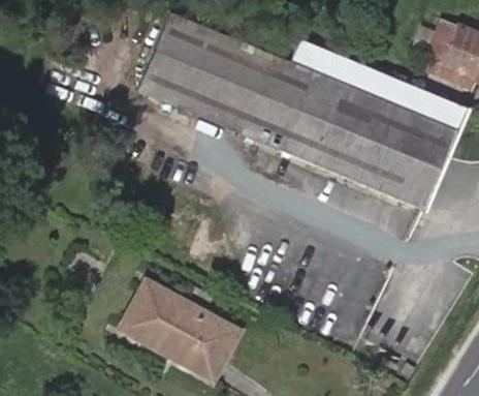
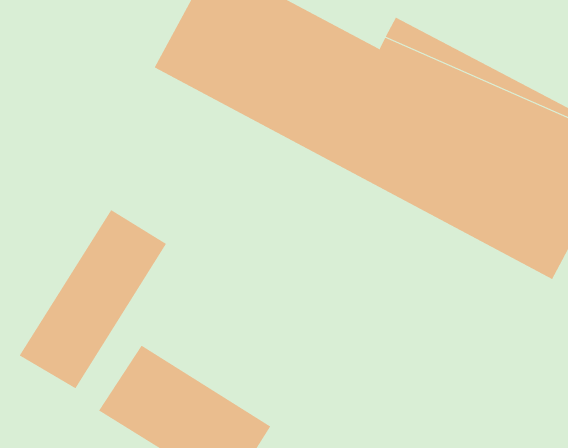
building: none -> [19,209,167,389]

